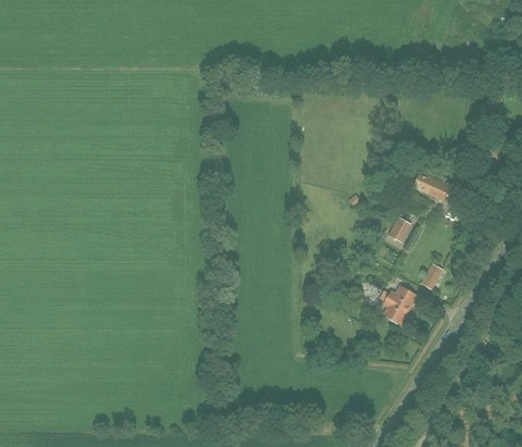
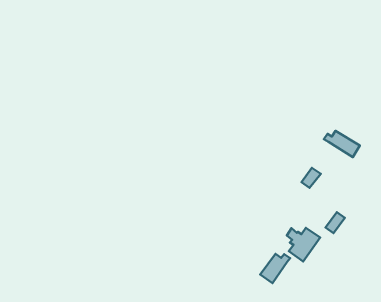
building: none -> [260,254,290,283]

